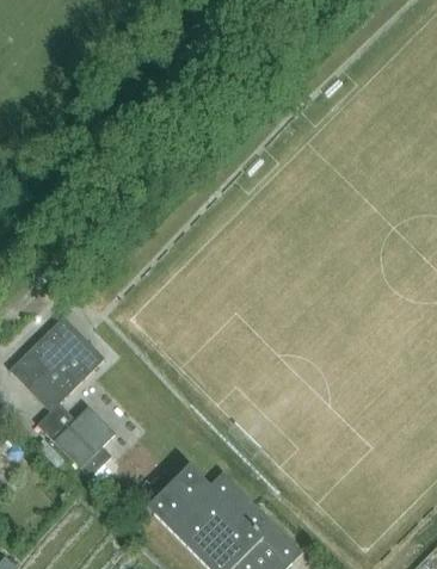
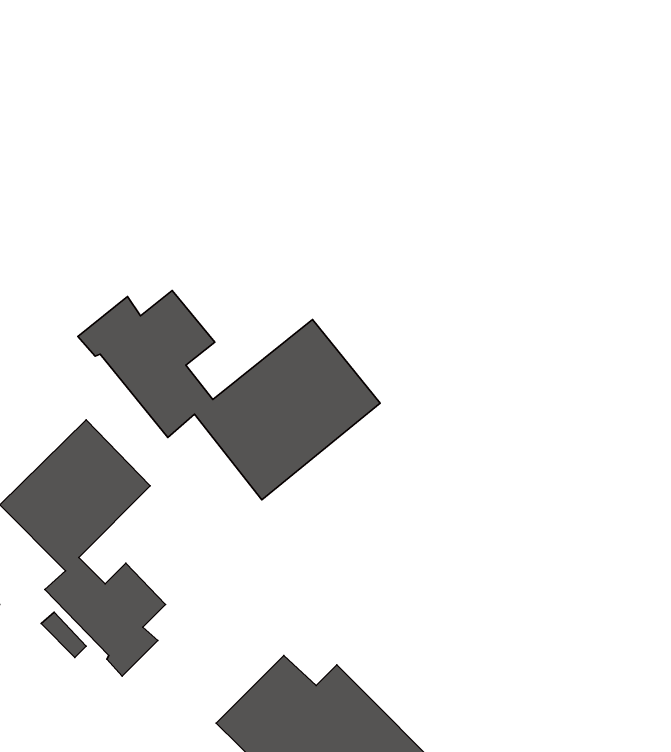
building: none -> [78,291,380,500]

